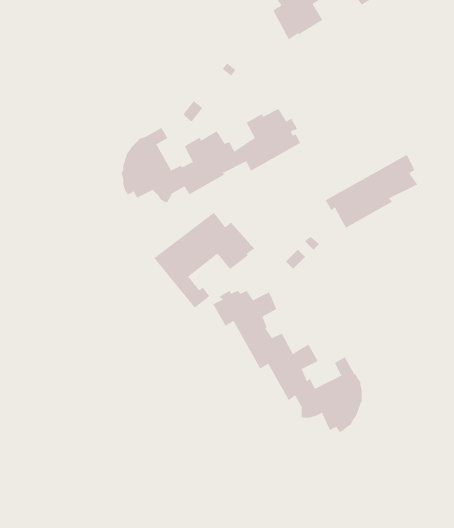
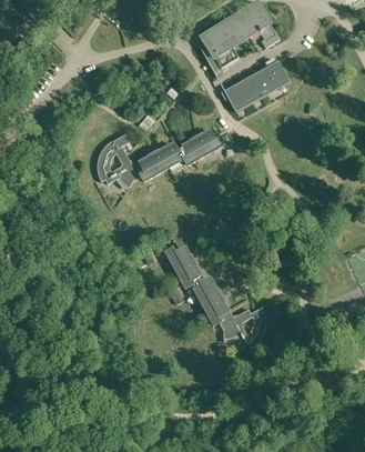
building: [325,154,418,229] -> [221,59,286,111]
building: [154,212,255,309] -> none

